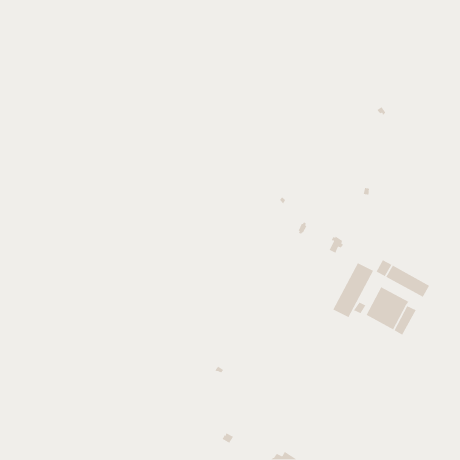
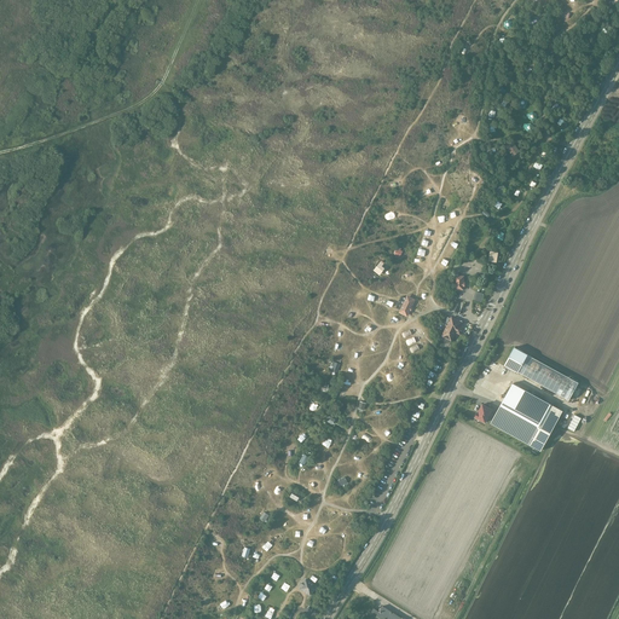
building: [332,262,374,318] -> none

